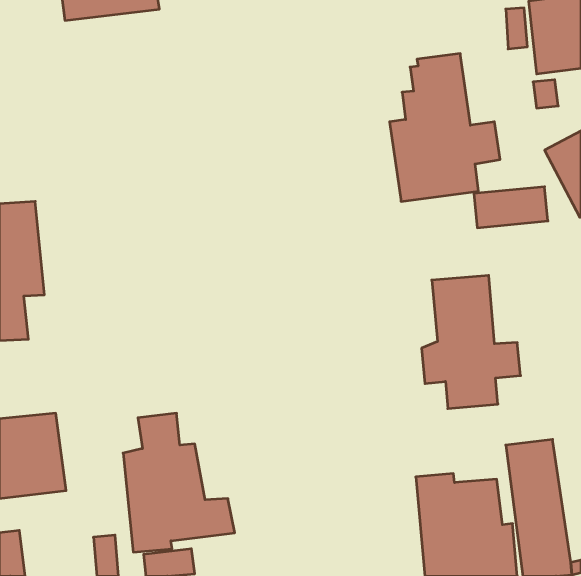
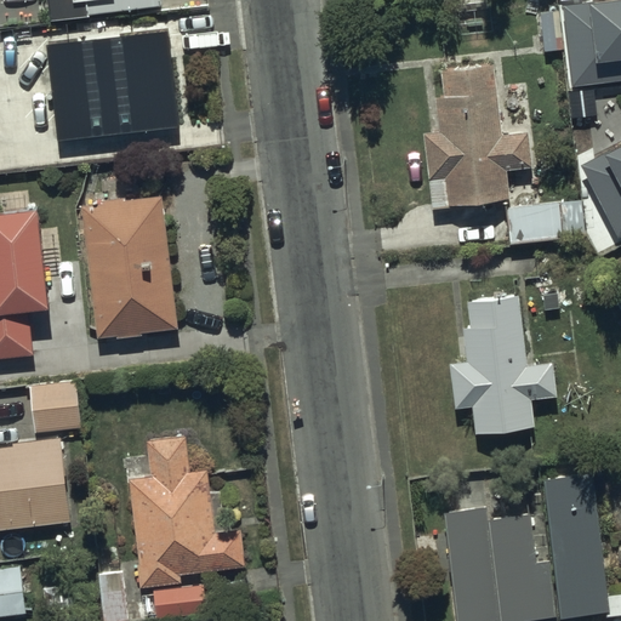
building: none -> [52,40,184,141]
building: none -> [80,196,177,342]
building: none -> [29,377,85,432]

